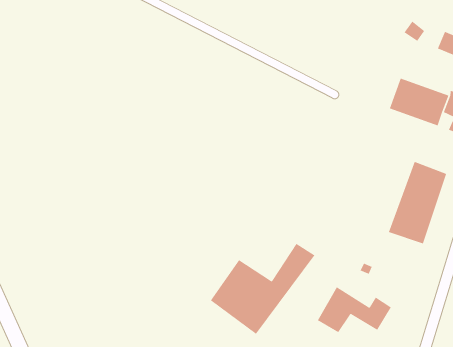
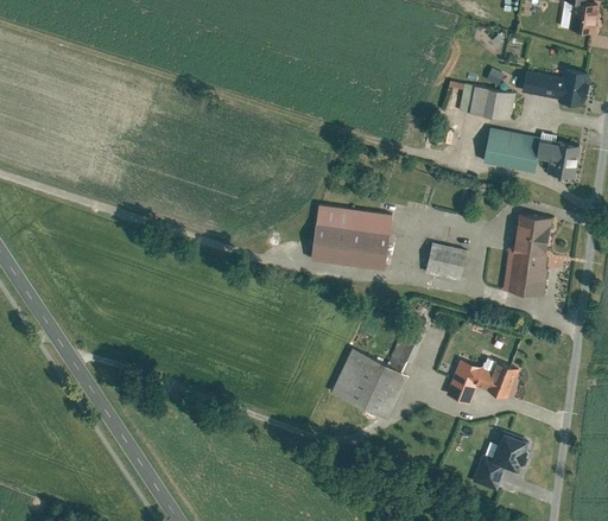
building: none -> [458,83,515,120]
building: none -> [311,205,393,268]
building: none -> [425,243,467,280]

